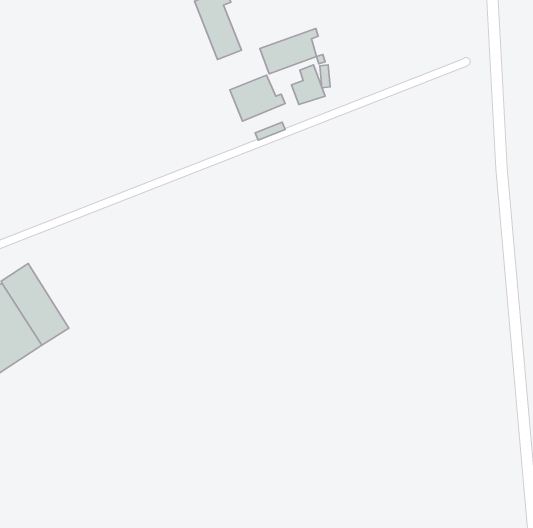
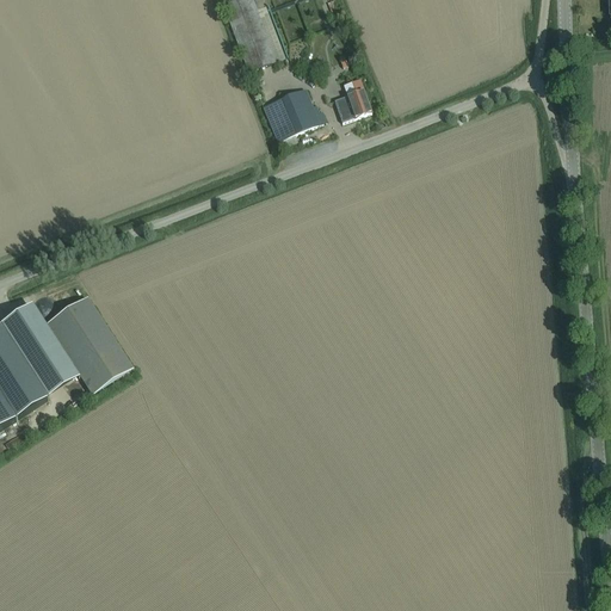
building: [260,28,318,74] -> none
building: none -> [47,294,132,391]

